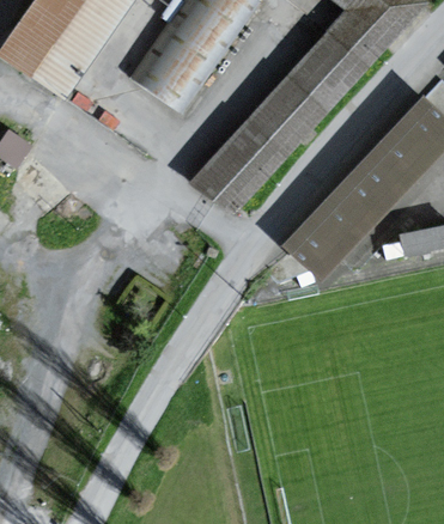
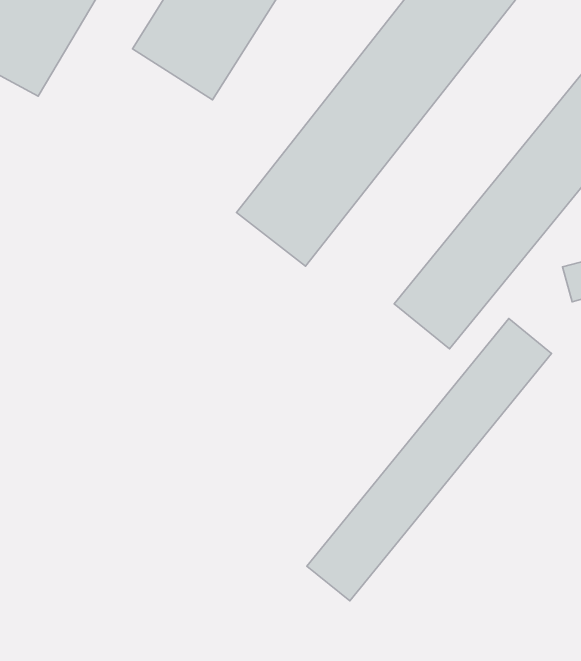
building: none -> [307,319,552,601]

